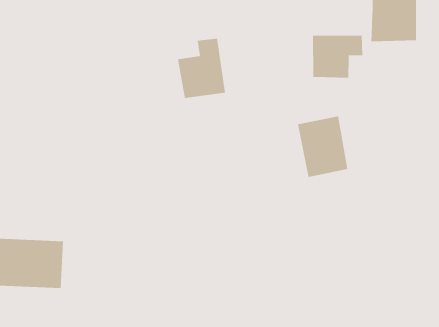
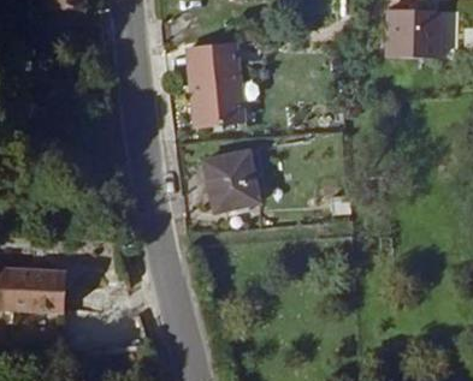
building: [312,35,363,79] -> none
building: [297,116,348,177] -> [208,162,261,226]

